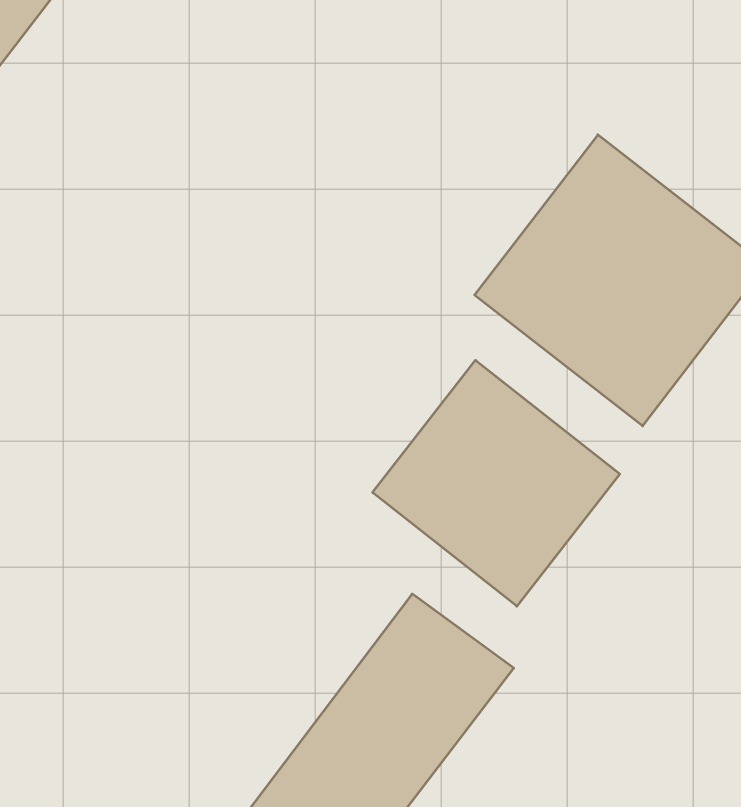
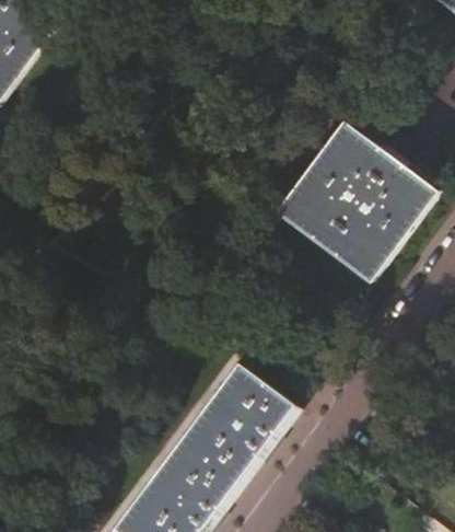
building: [373,360,620,606] -> none

